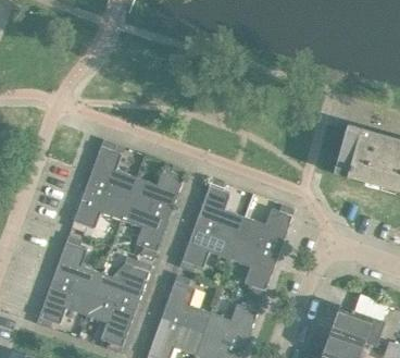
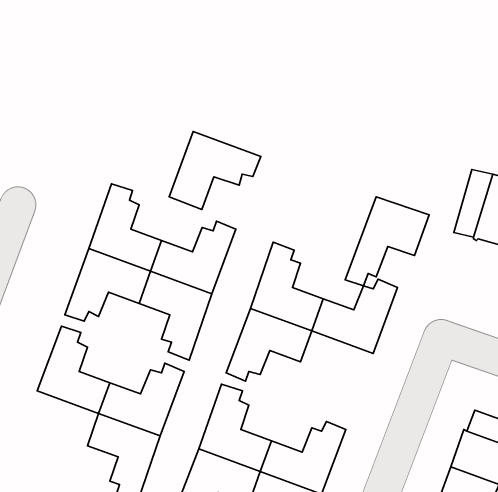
building: none -> [169,131,261,209]
building: none -> [345,197,429,286]
building: [229,237,278,296] -> none
building: [36,277,93,326] -> none

